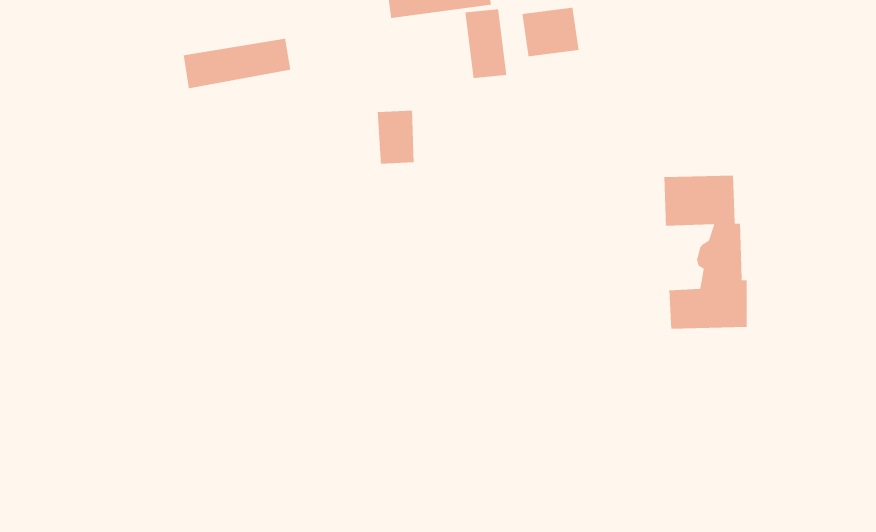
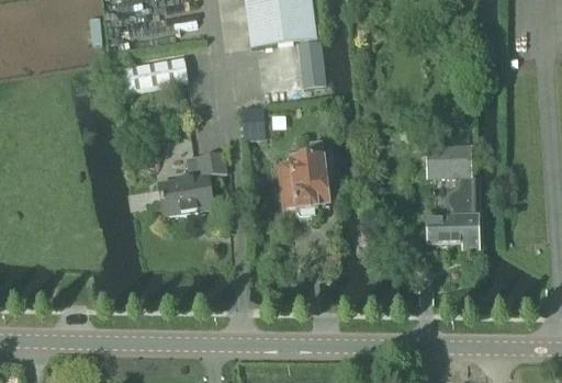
building: [522,7,579,57] -> none
building: none -> [279,142,330,221]
building: none -> [157,153,225,217]

